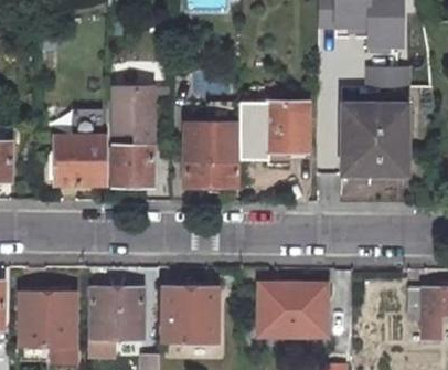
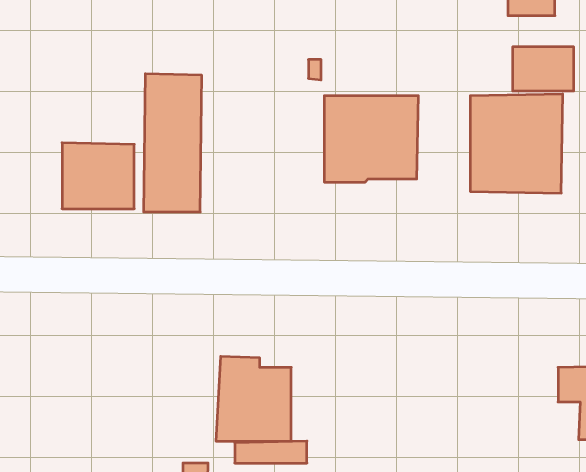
building: [185,123,241,190] -> none
building: [260,286,329,340] -> none
building: [86,288,147,359] -> none
building: [22,295,76,355] -> none

